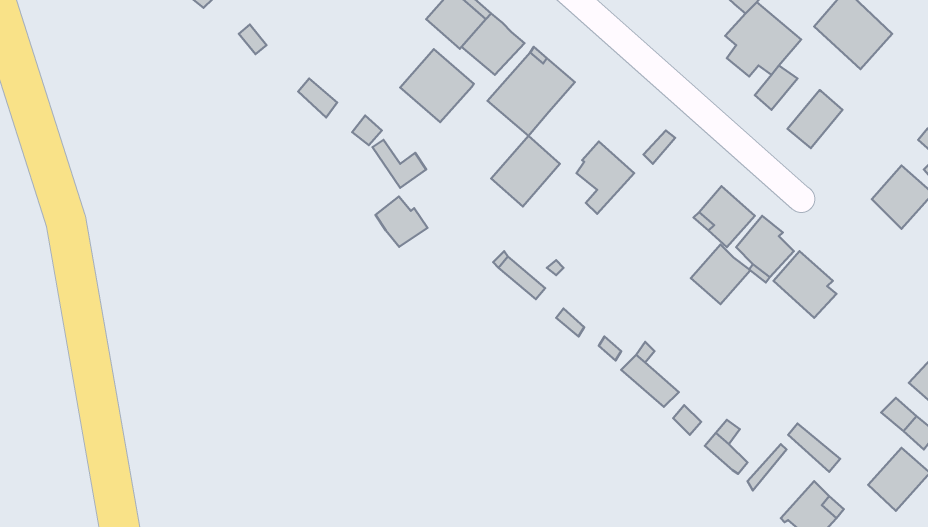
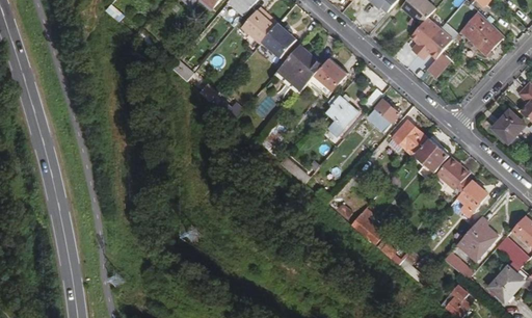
building: [400,49,474,122] -> none
building: [788,90,843,148] -> none
building: [491,136,560,206] -> [311,55,349,95]
building: [375,196,427,247] -> none
building: [691,245,750,304] -> [367,100,400,133]
building: none -> [457,181,487,216]
building: none -> [458,214,500,260]

